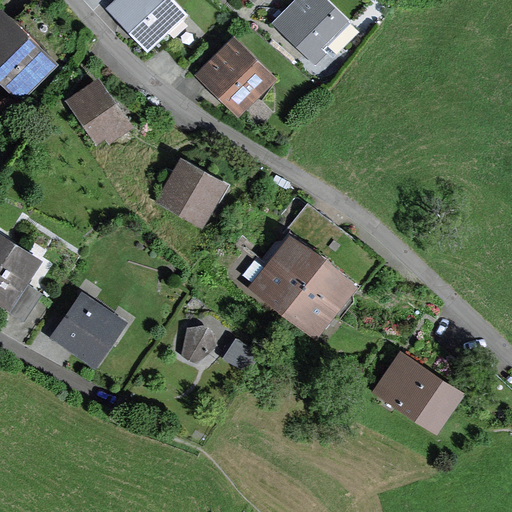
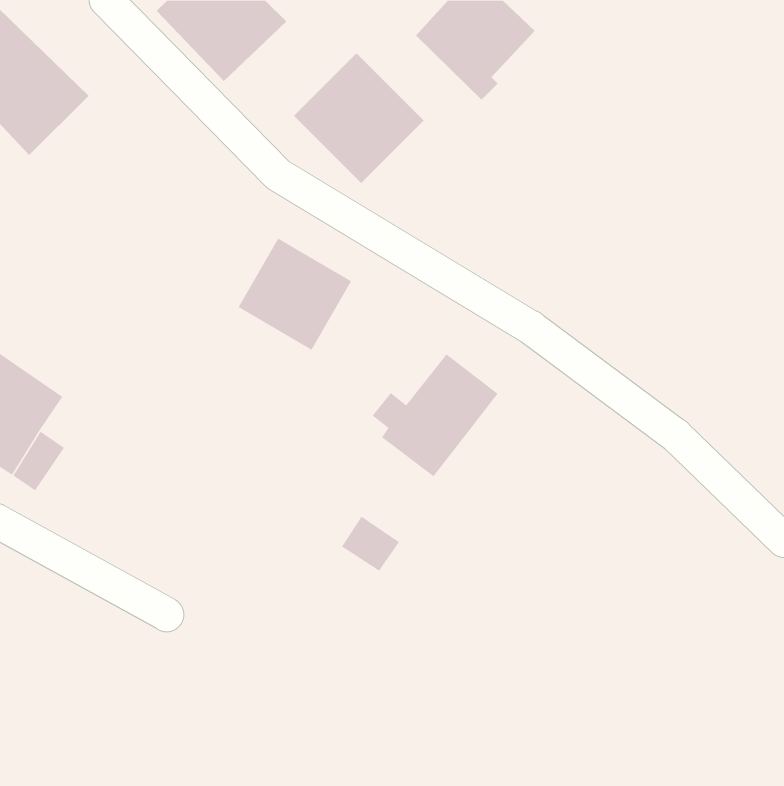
building: [65,78,134,146] -> none
building: [281,257,357,343] -> none
building: [47,289,126,368] -> none
building: [180,323,216,362] -> none
building: [373,348,466,433] -> none

